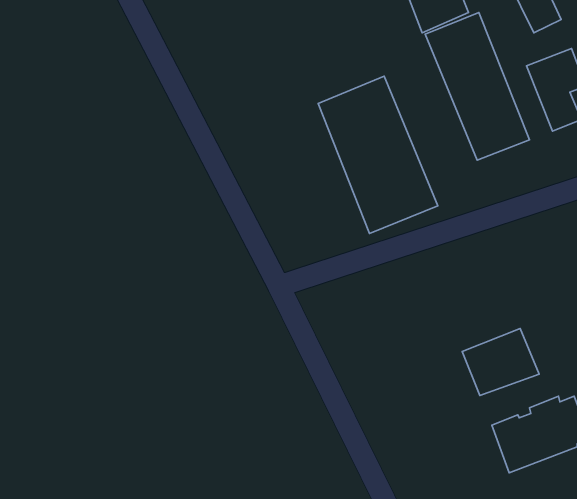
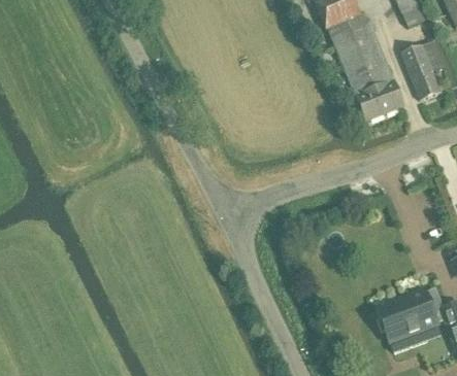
building: [318,76,438,234] -> none
building: [462,329,539,396] -> none

